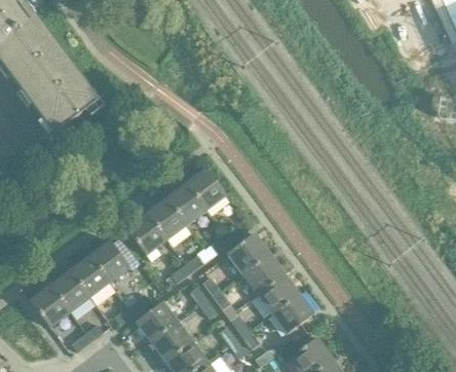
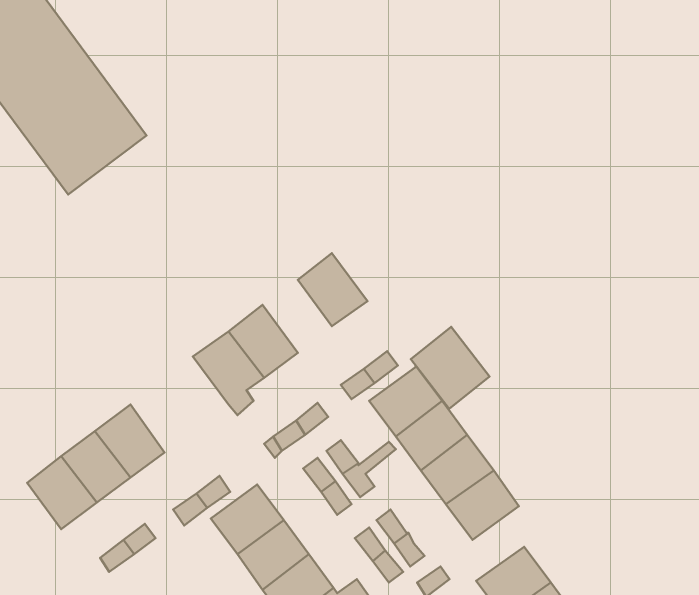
building: [165,184,205,226] -> none
building: none -> [411,327,489,409]
building: [89,240,129,284] -> none

